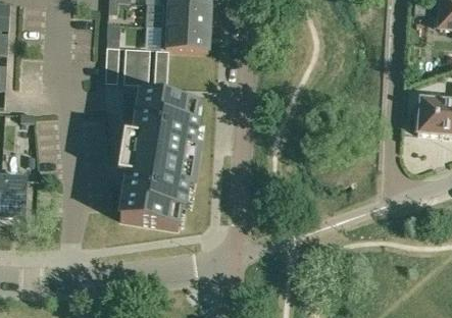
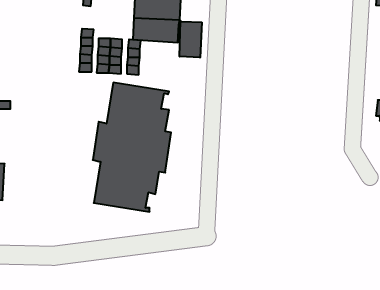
building: none -> [180,21,202,58]

